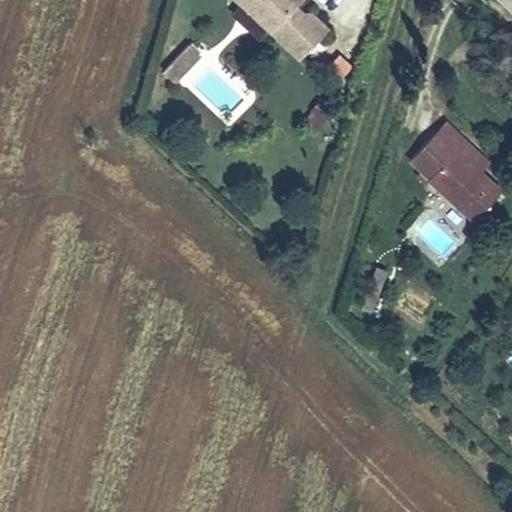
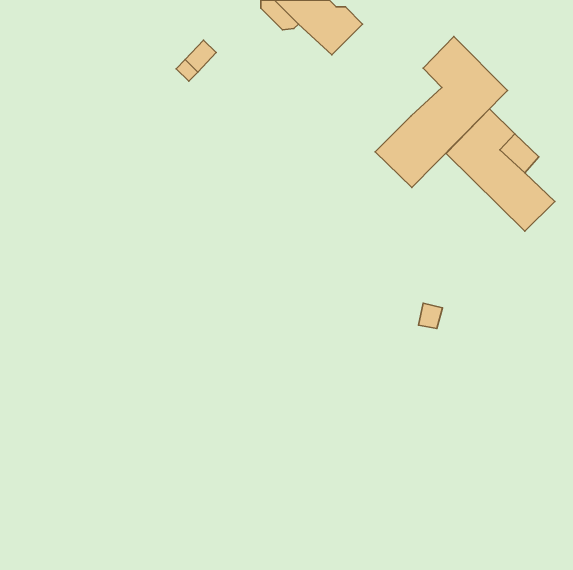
building: none -> [375,37,508,188]

